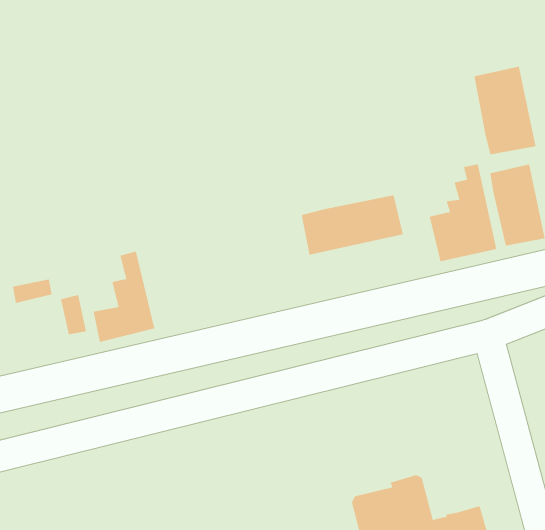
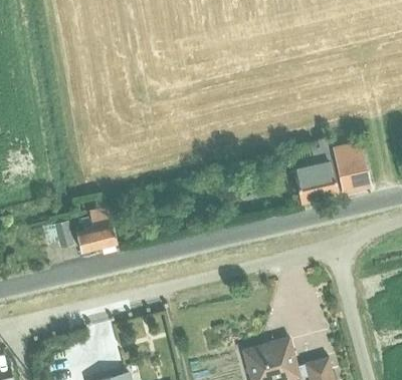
building: [474,66,536,155] -> none
building: [301,194,403,255] -> none

